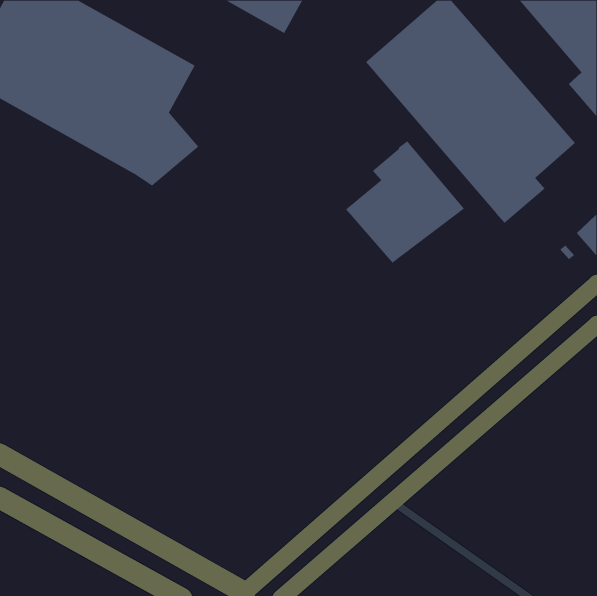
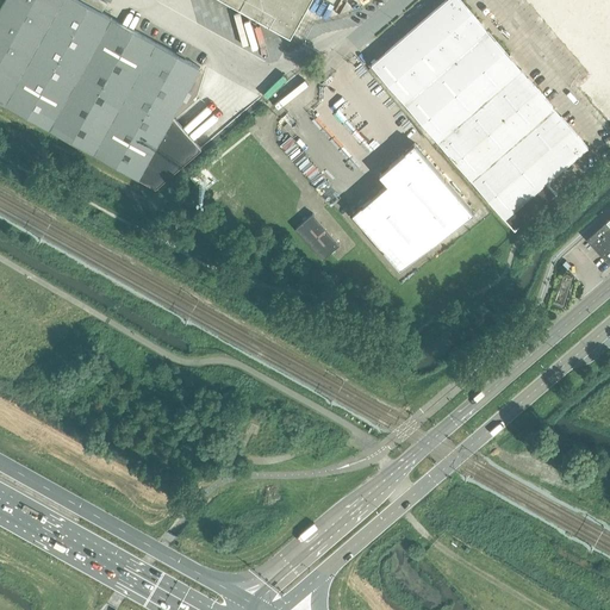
building: none -> [295,216,338,261]

